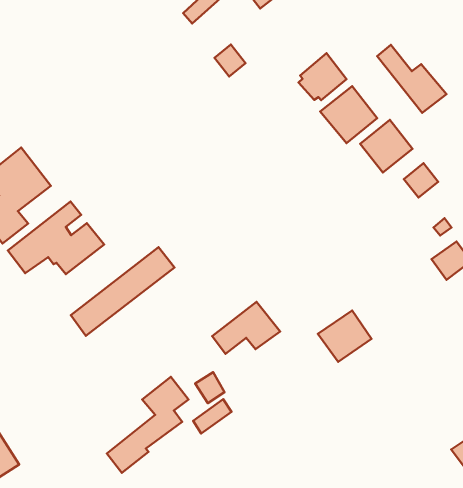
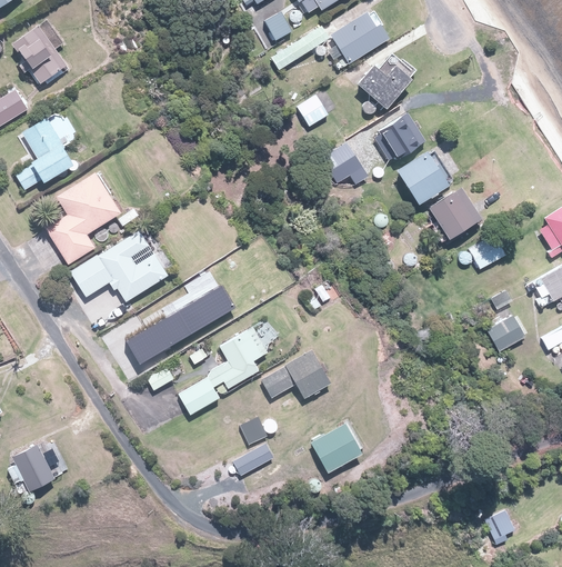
building: none -> [360,64,411,107]
building: [377,45,447,113] -> none
building: none -> [324,143,368,182]
building: [318,311,371,362] -> [310,424,362,472]
building: [107,377,188,473] -> [180,327,267,416]

